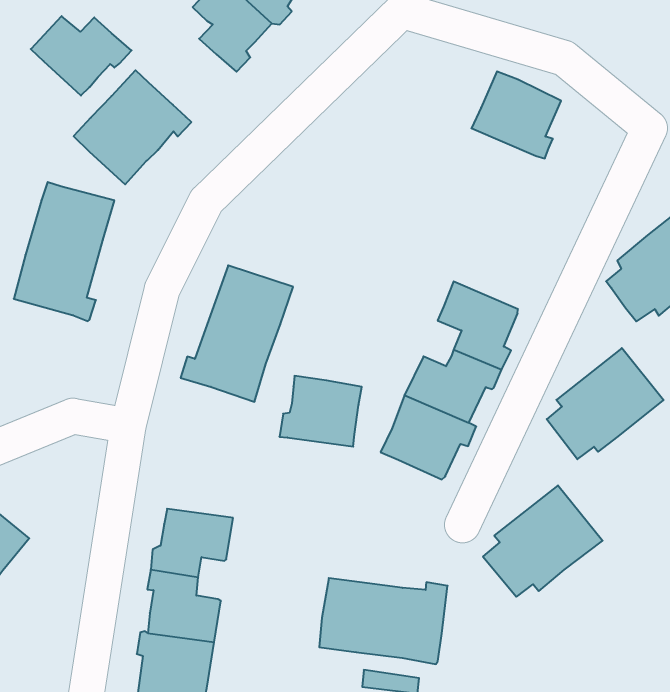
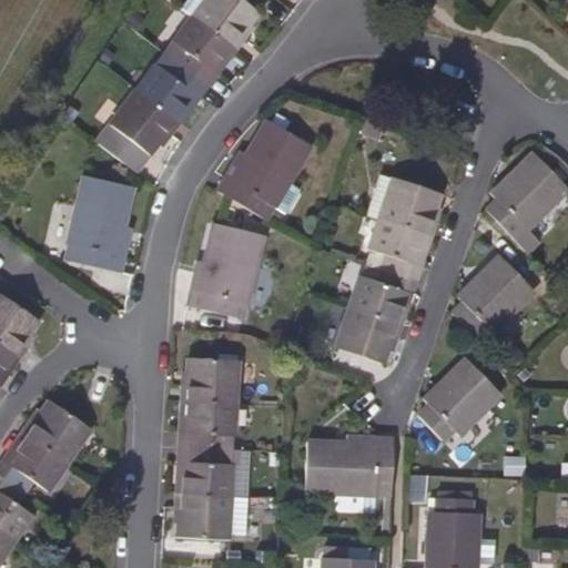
building: [31,16,132,96] -> [136,62,209,119]
building: [471,71,561,158] -> [377,176,439,235]
building: none -> [217,116,308,216]
building: [279,376,362,447] -> [182,355,237,402]

